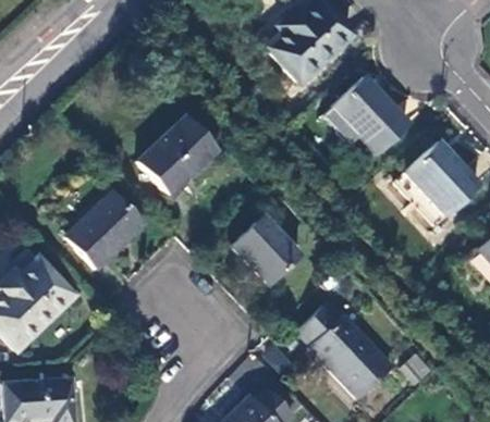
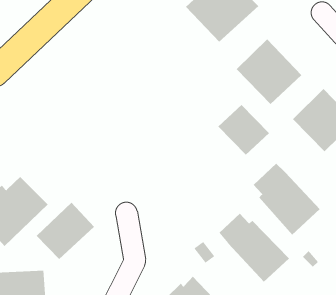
building: [139,116,218,195] -> none
building: [66,193,144,269] -> [36,202,95,260]
building: [232,215,301,283] -> [218,104,270,156]
building: none -> [253,163,320,236]

